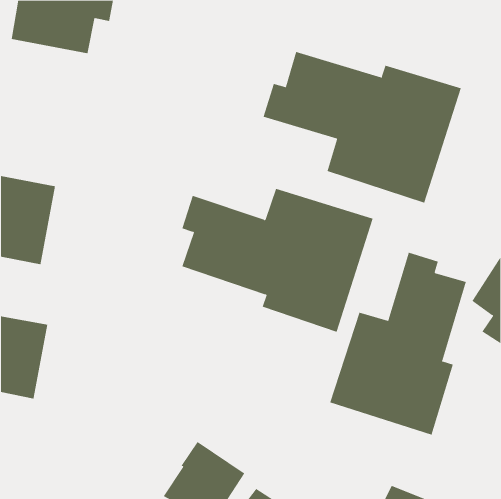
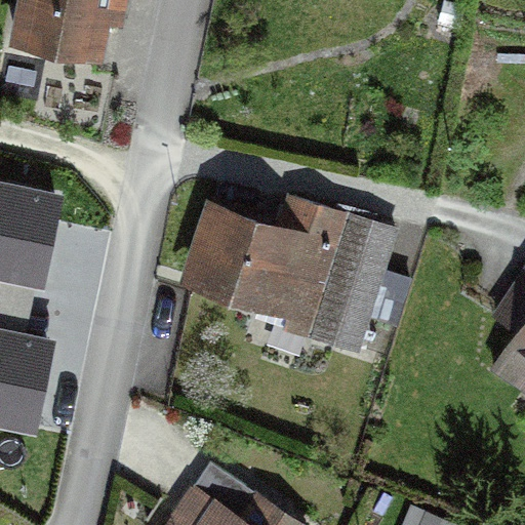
building: [263,51,461,204] -> none
building: [329,252,467,435] -> none

